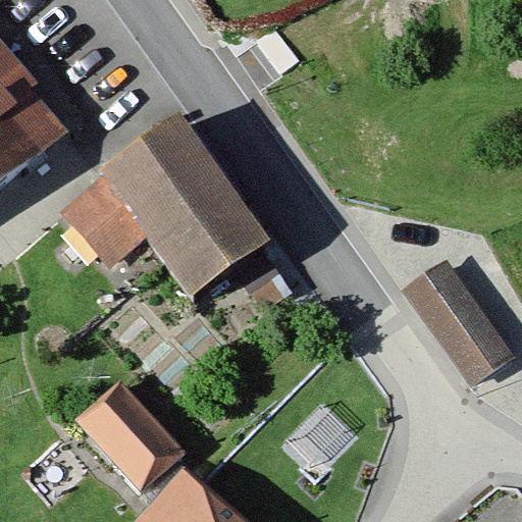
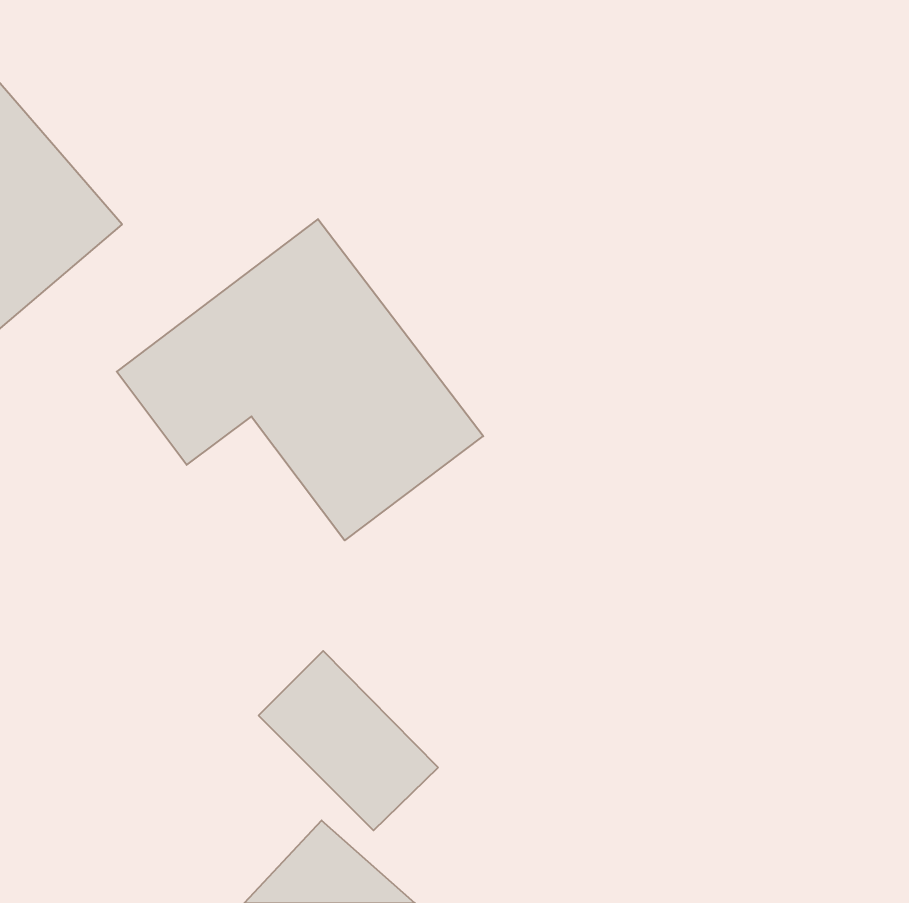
building: [402,258,512,380] -> none
building: [72,381,174,483] -> [259,651,438,830]

